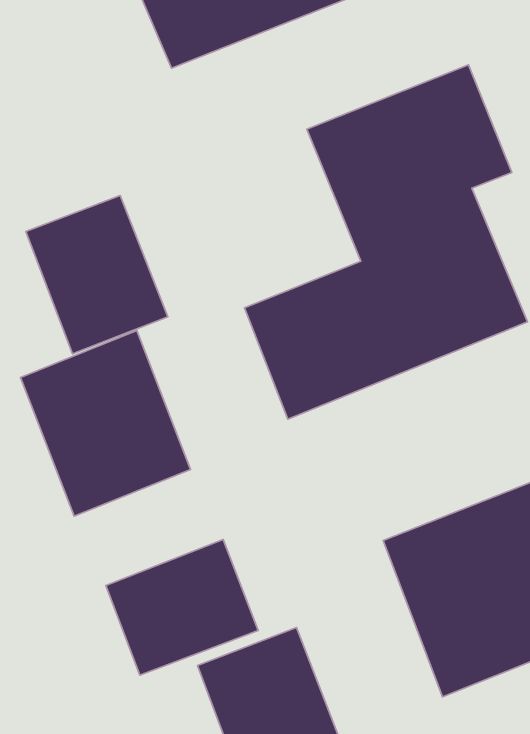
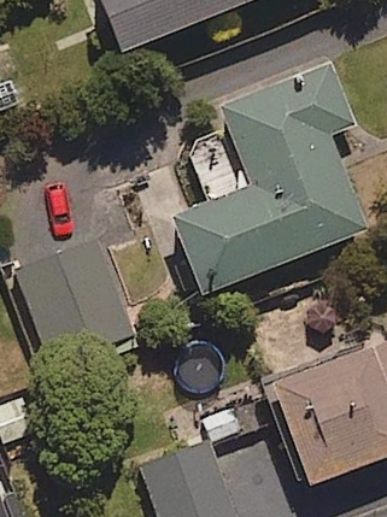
building: [26,196,168,354] -> none
building: [106,540,258,675] -> none

